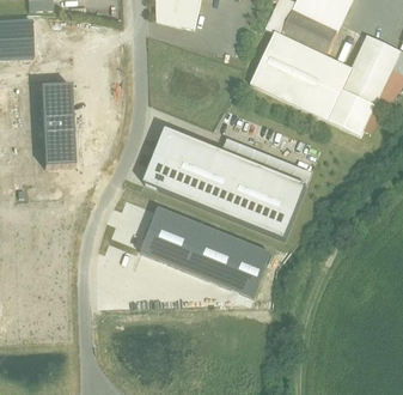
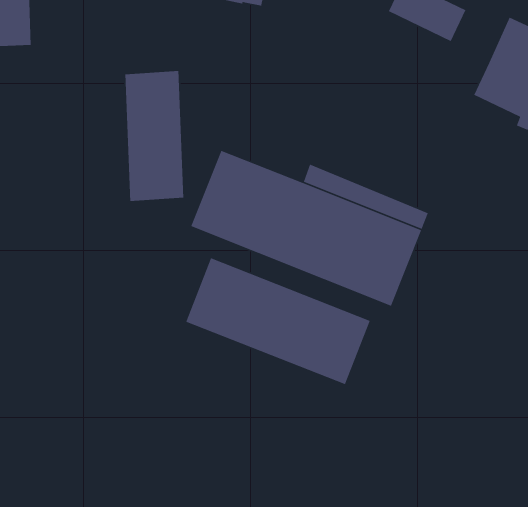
building: [251,32,374,136] -> none
building: [36,79,78,171] -> [124,70,184,202]

